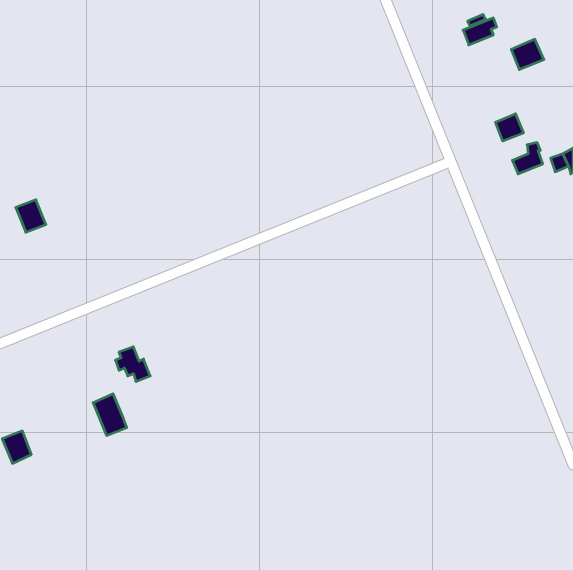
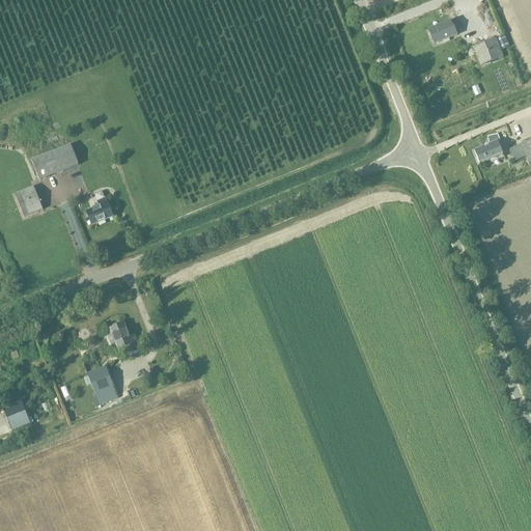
building: [496,114,523,141] -> none
building: none -> [32,143,78,177]
building: none -> [86,196,113,223]

